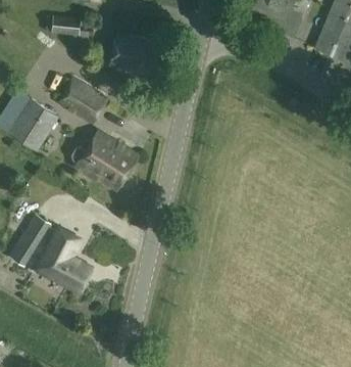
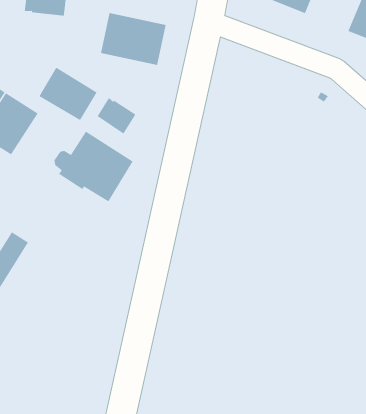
building: none -> [97,97,136,135]
building: [38,228,93,292] -> none

